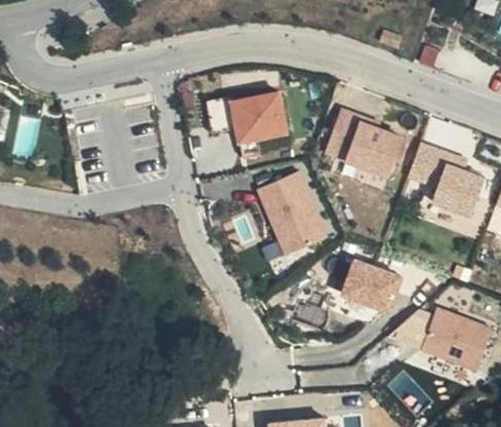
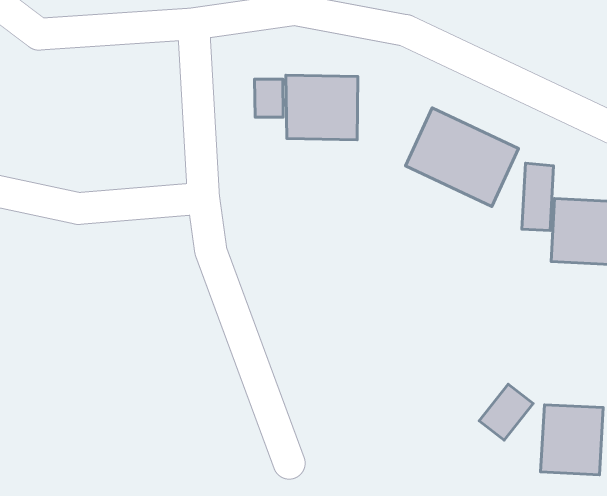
building: [255,171,329,258] -> none
building: [339,258,404,314] -> none

